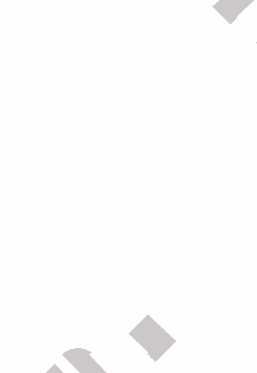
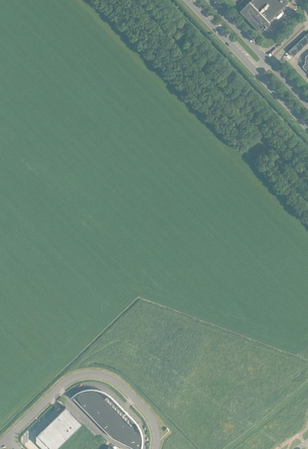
building: [127,314,177,363] -> none

